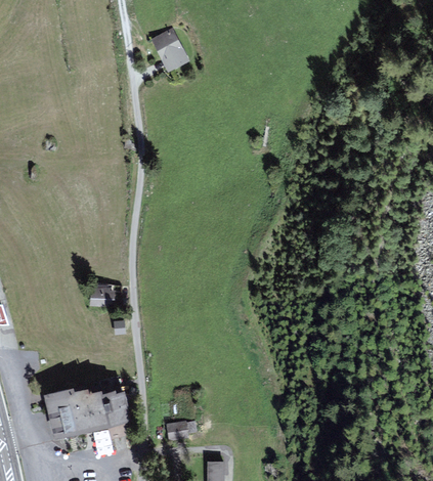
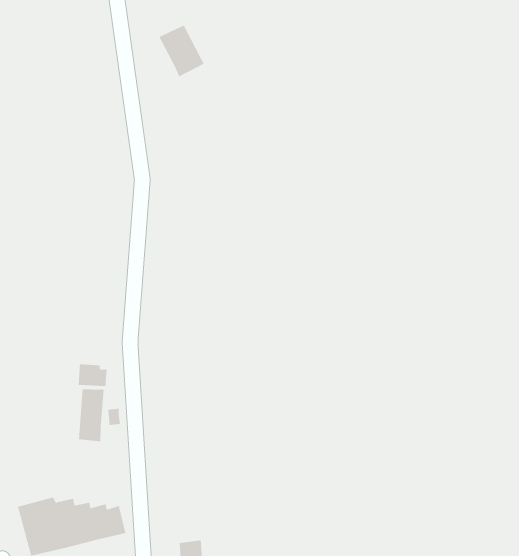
building: none -> [79,388,104,442]

